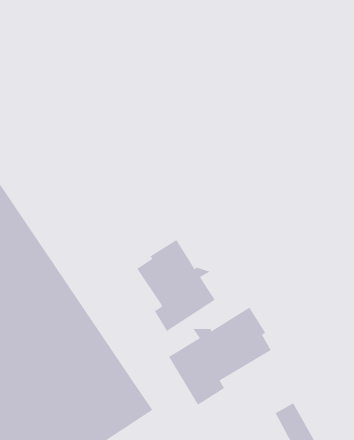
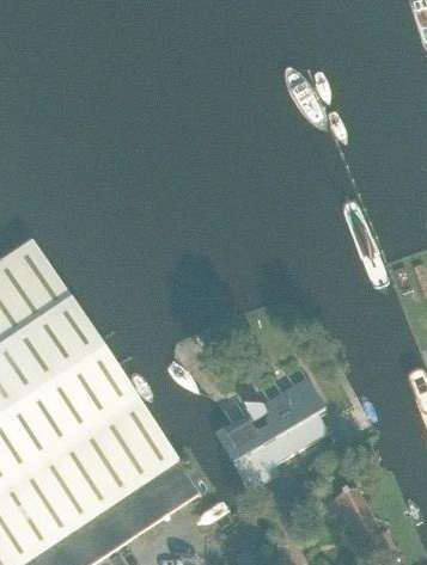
building: [136,239,216,332] -> none

